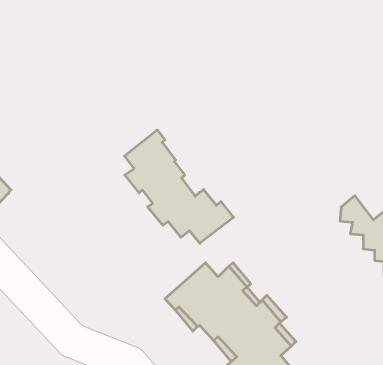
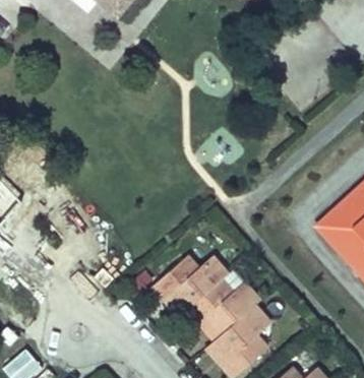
building: [124,130,234,243] -> none

